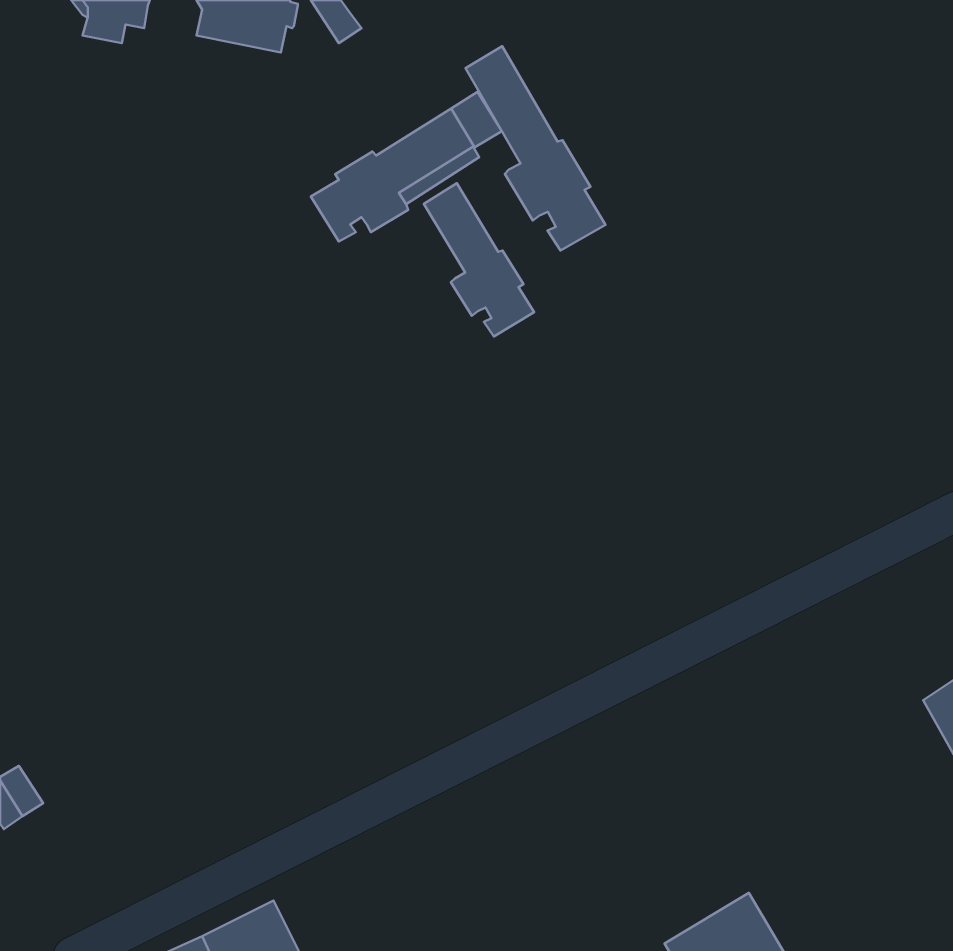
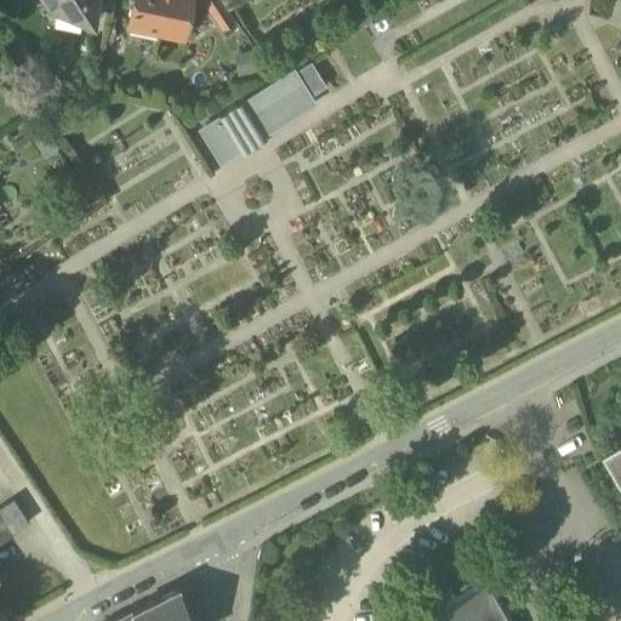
building: [465,46,606,251] -> none
building: [424,183,534,337] -> none

